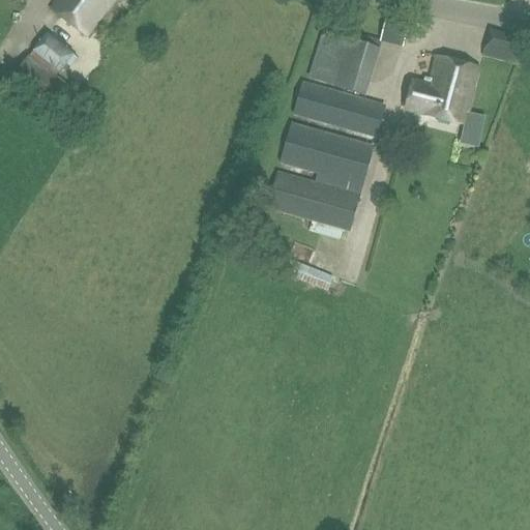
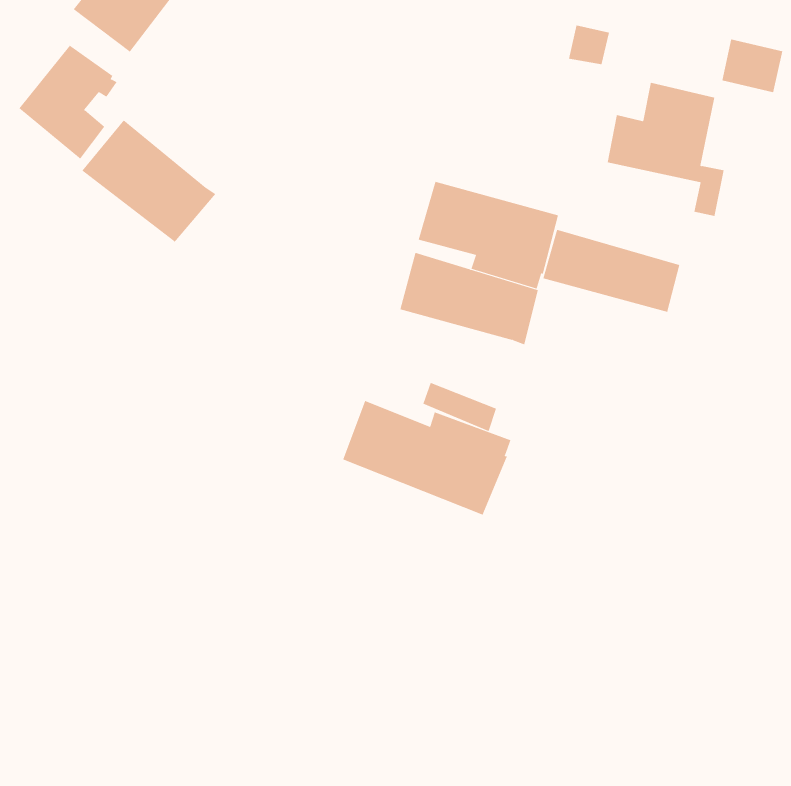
building: [308,28,379,93] -> none
building: [293,80,385,136] -> [542,229,680,313]
building: none -> [81,119,216,243]
building: none -> [342,400,511,515]

